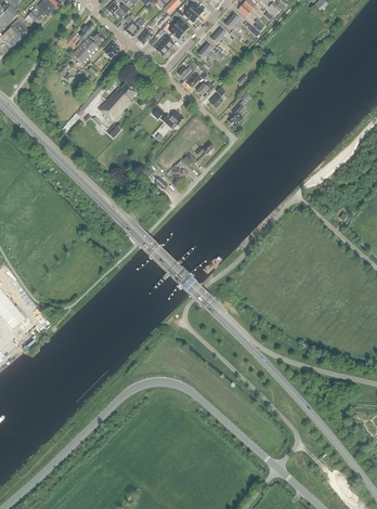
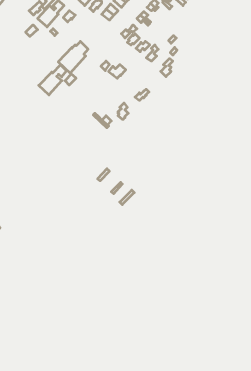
building: none -> [39,65,67,95]

